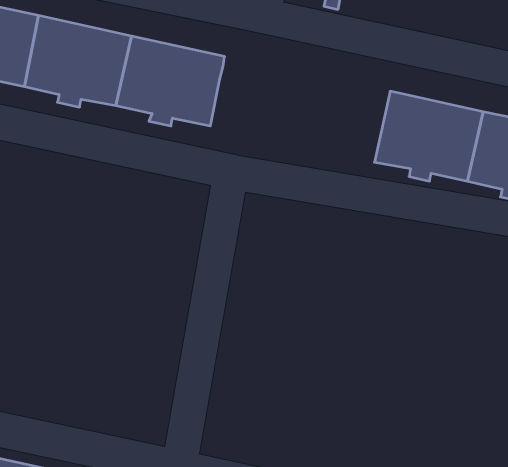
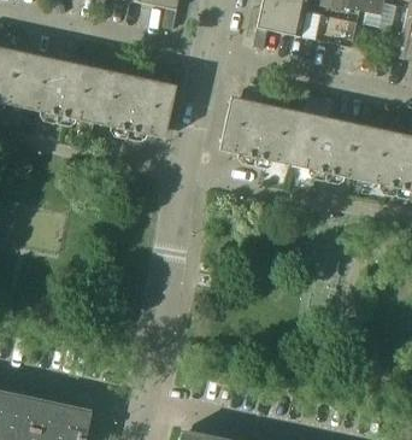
building: none -> [219,95,302,165]

